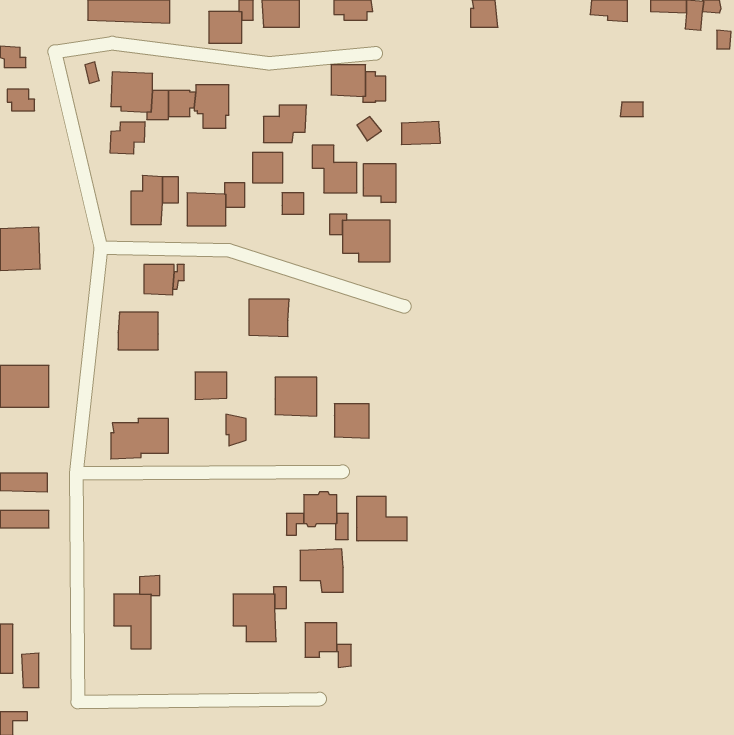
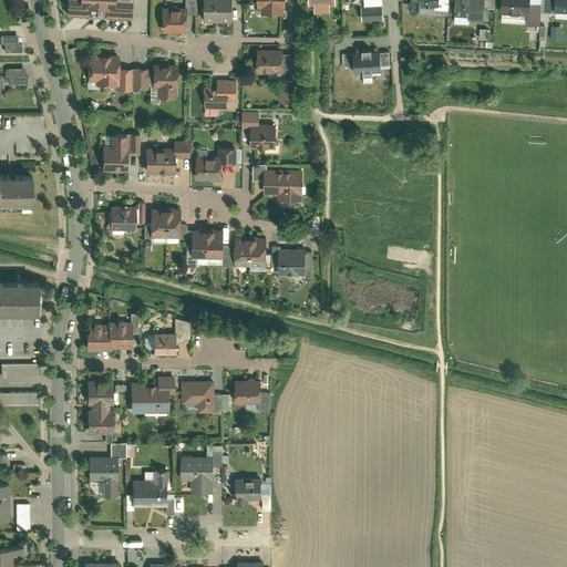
building: [401,122,440,145] -> [353,53,383,71]
building: [110,122,145,154] -> none
building: [253,152,283,183] -> [195,158,218,182]
building: [364,164,396,203] -> none
building: [118,312,158,350] -> [150,209,181,238]
building: [195,372,227,399] -> [153,334,177,355]
building: [275,377,317,416] -> [235,237,267,267]
building: [334,404,369,438] -> [279,249,306,276]
building: none -> [130,377,174,414]
building: none -> [86,382,113,435]
building: [357,496,407,541] -> none
building: [300,549,343,592] -> [182,381,215,414]
building: none -> [132,472,167,508]

